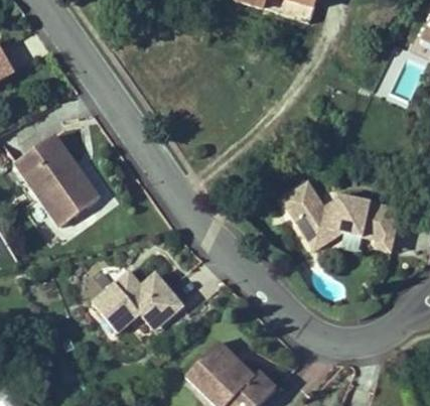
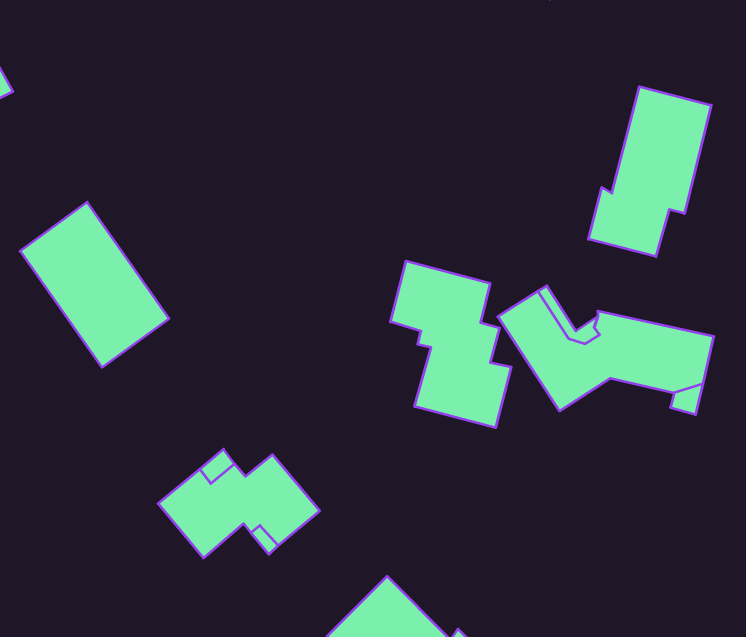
building: none -> [588,87,711,257]
building: none -> [390,261,511,428]

